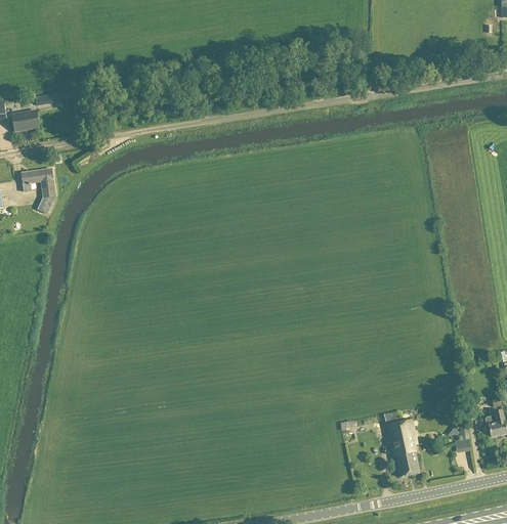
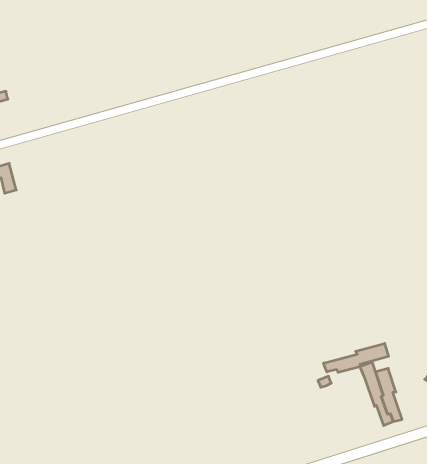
building: none -> [324,343,389,372]

